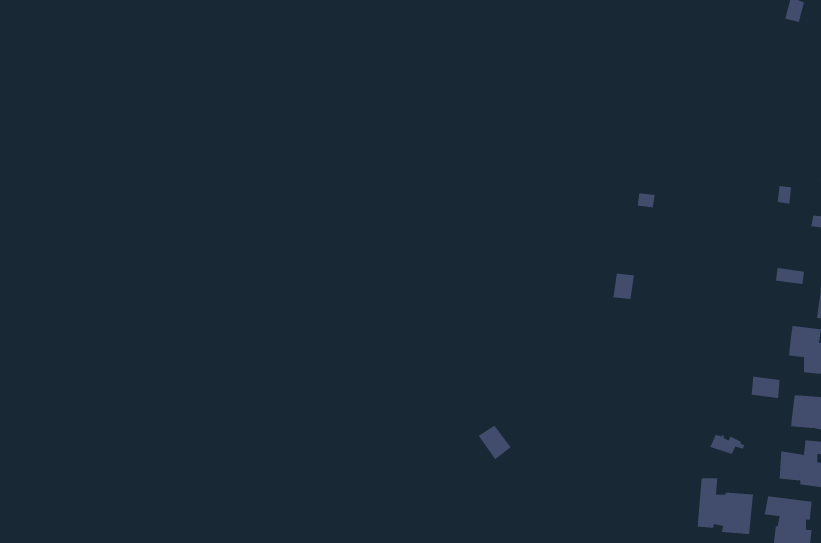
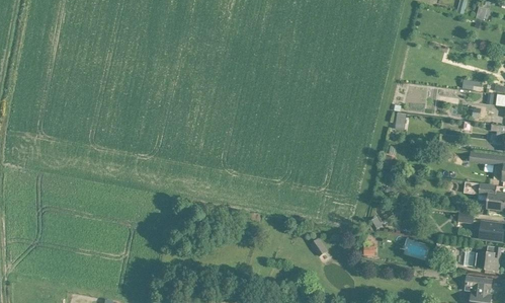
building: [697,478,754,535] -> none

